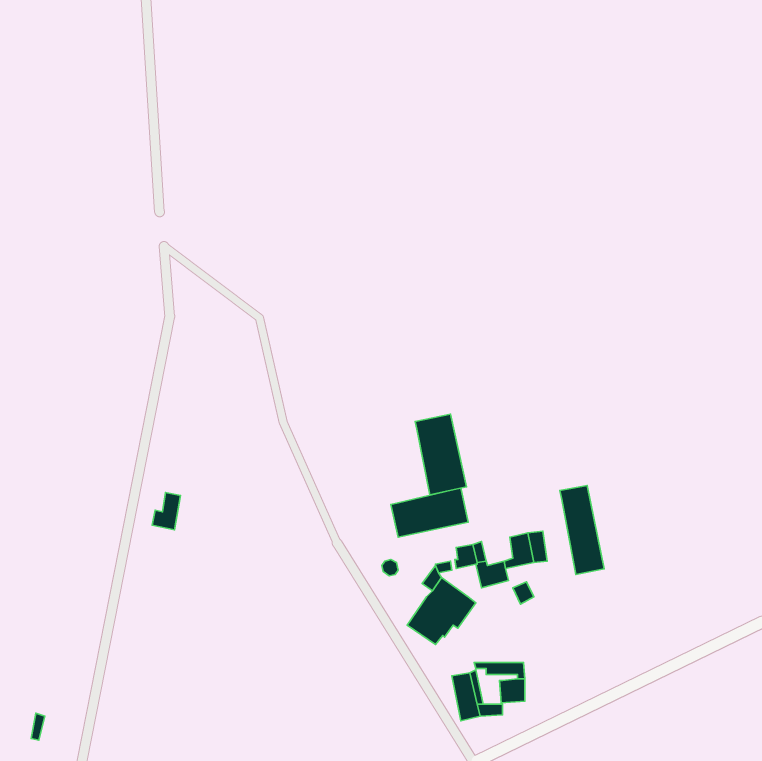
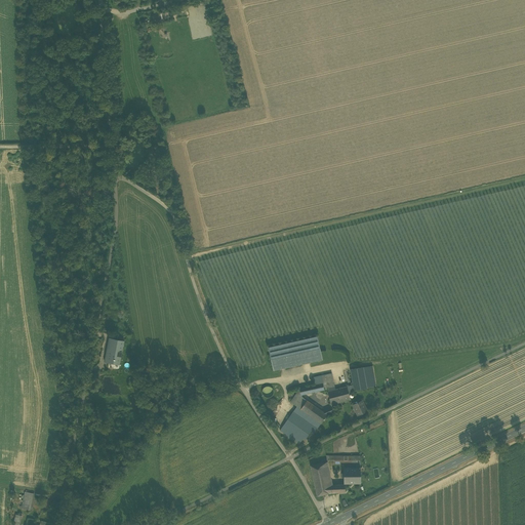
building: [415,414,467,495] -> none
building: [560,486,604,574] -> none

